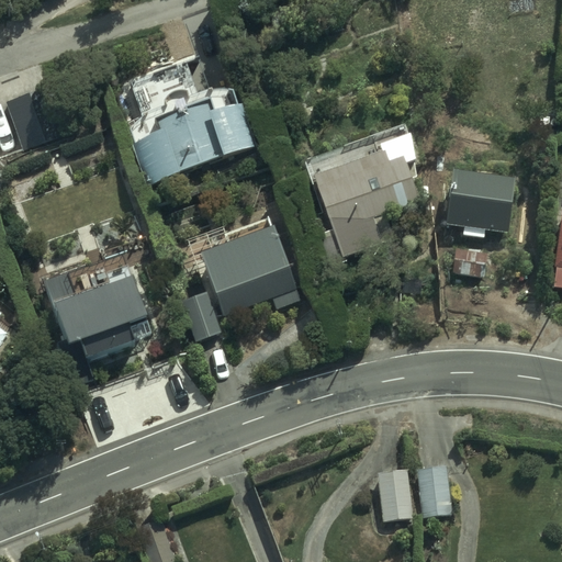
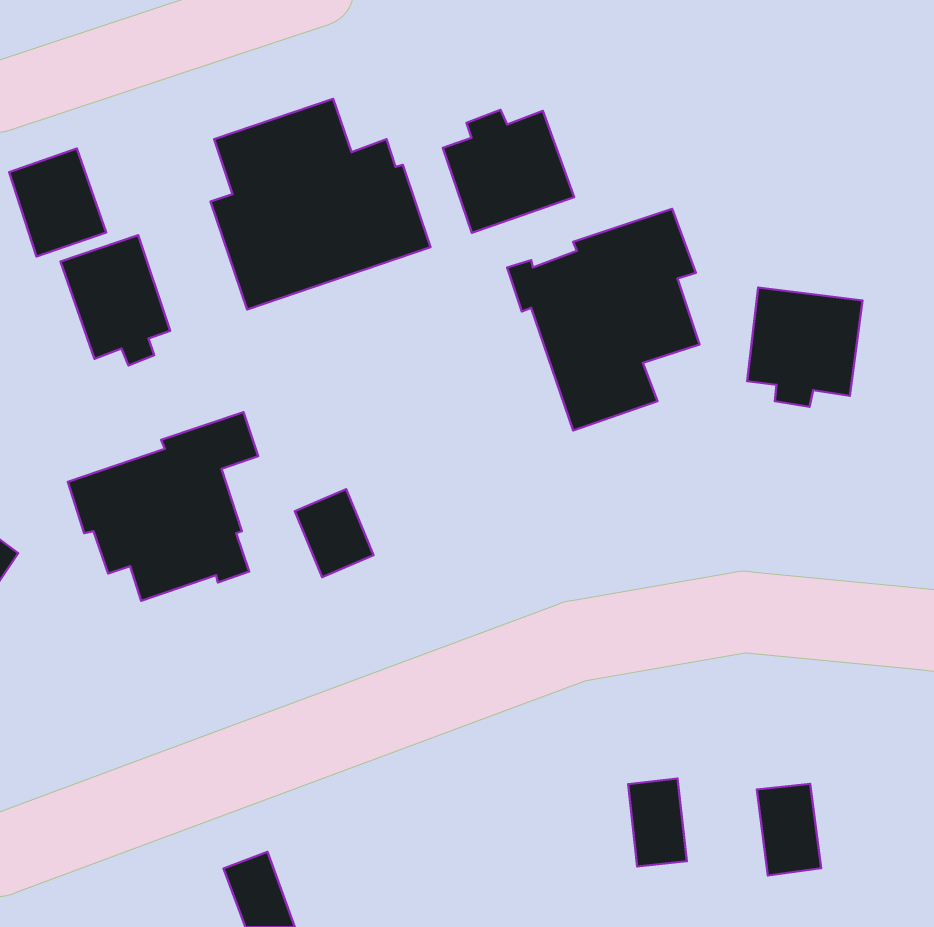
building: none -> [443,110,574,233]
building: none -> [61,235,170,365]
building: [196,221,300,314] -> none
building: [413,465,451,520] -> [757,784,821,876]

